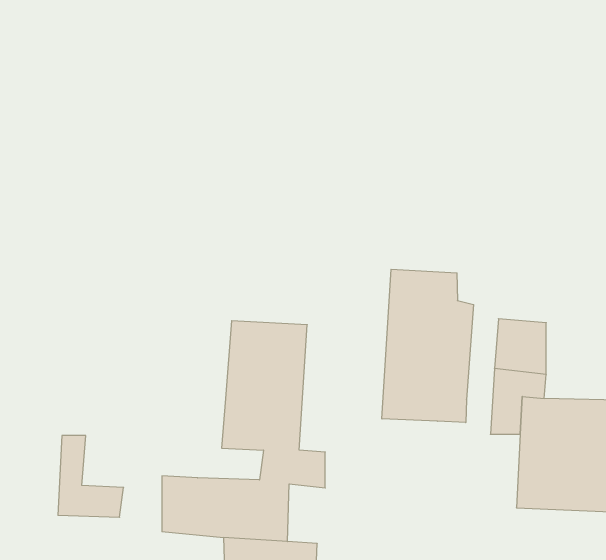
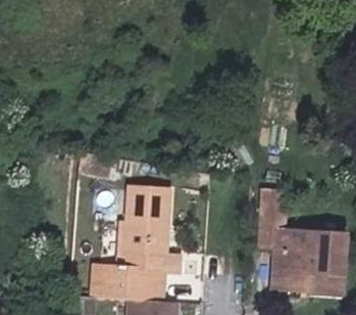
building: [382,269,474,423] -> none
building: [58,436,124,517] -> [112,230,146,272]

